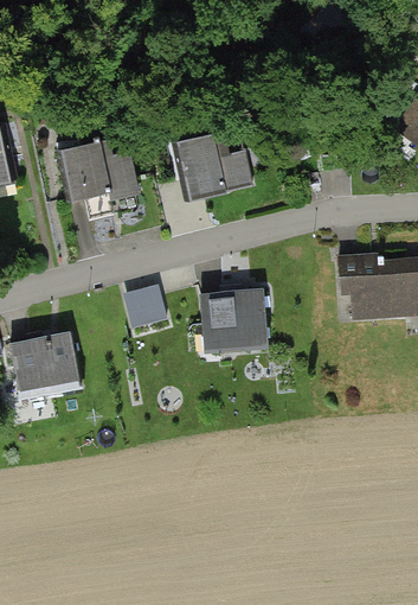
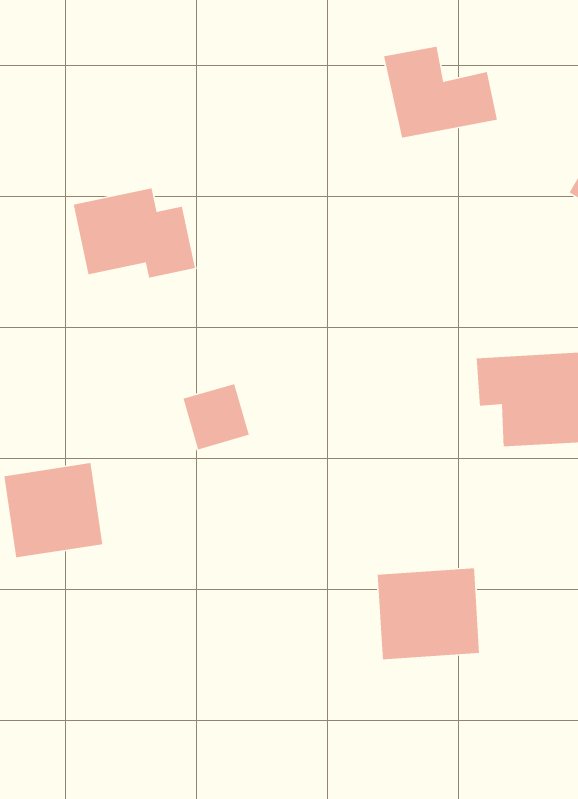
building: [173,134,253,199] -> [383,46,498,139]
building: [197,287,269,352] -> [377,567,480,660]

